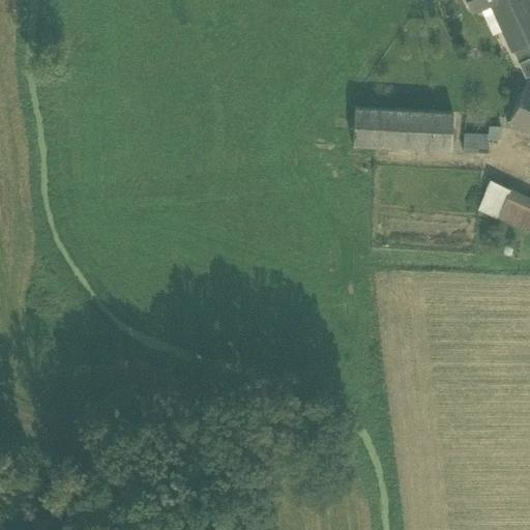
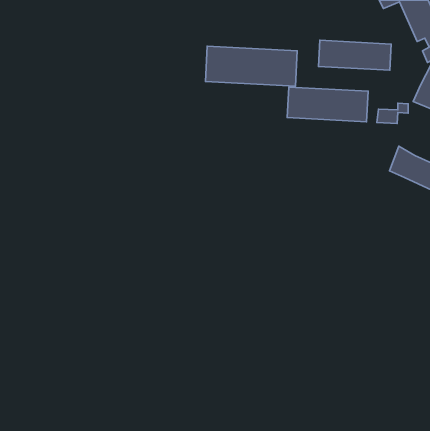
building: none -> [319,40,391,70]
building: none -> [206,46,297,86]

